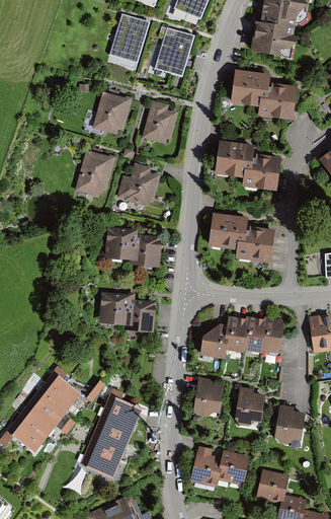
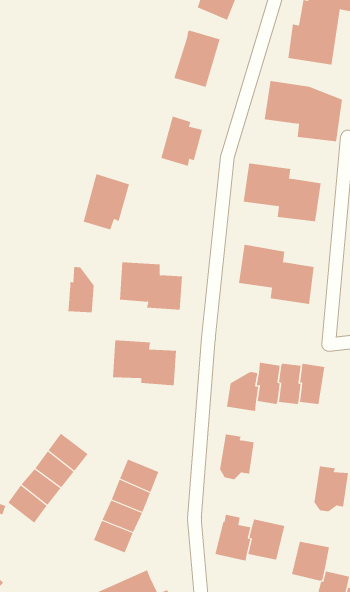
building: [109,13,149,63] -> none
building: [94,91,133,134] -> none
building: [117,164,161,208] -> none
building: none -> [68,266,94,313]
building: [235,384,265,423] -> none

